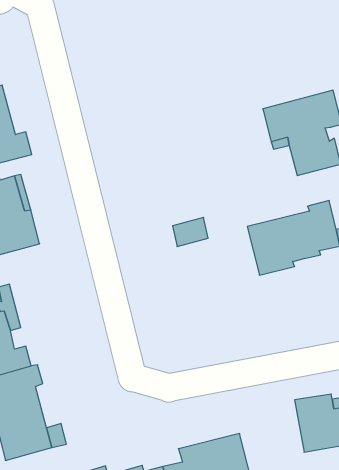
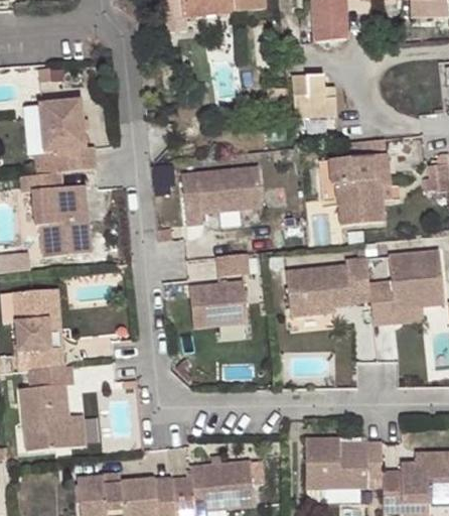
building: none -> [294,75,336,107]
building: none -> [182,166,262,224]
building: none -> [188,282,248,329]

